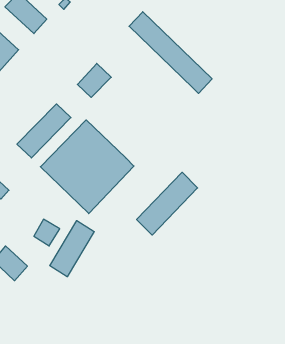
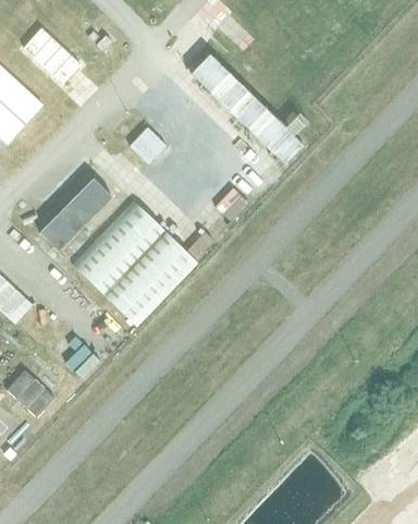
building: [137,172,198,235] -> none
building: [50,221,94,277] -> none

